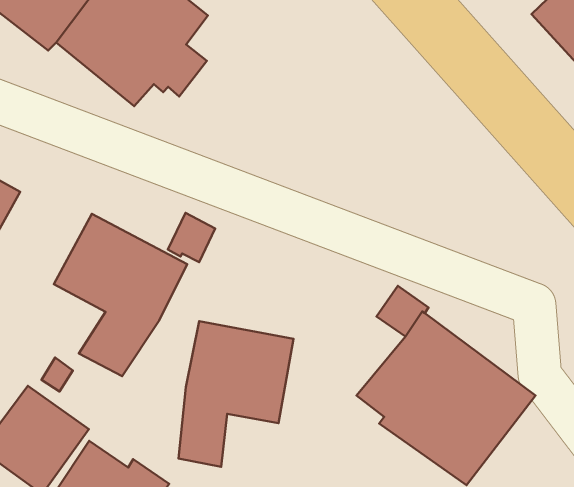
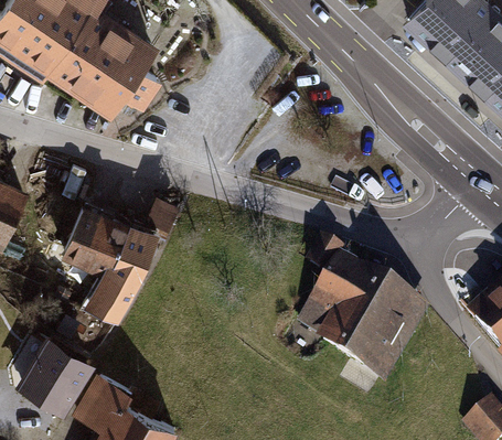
building: [178,321,294,467] -> none

